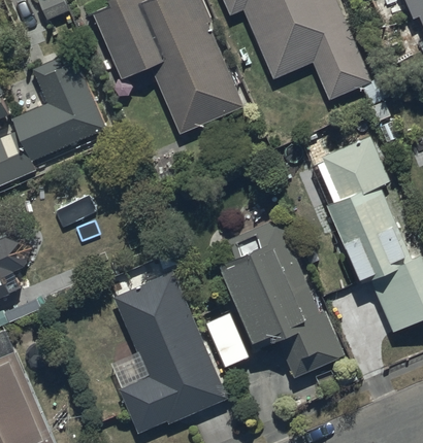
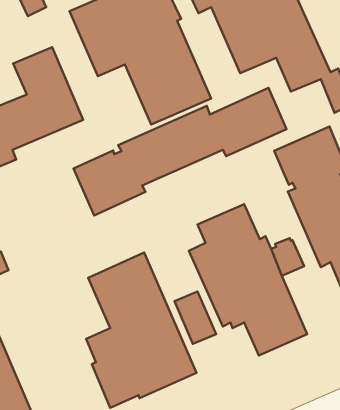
building: none -> [73,88,286,216]

